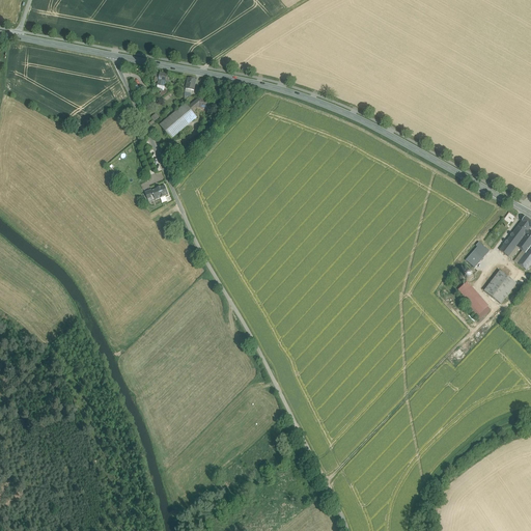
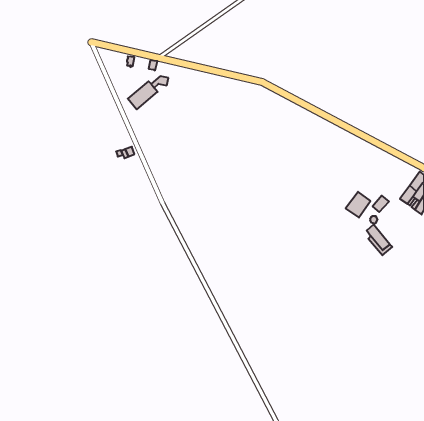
building: [484,270,515,302] -> [346,192,370,218]

